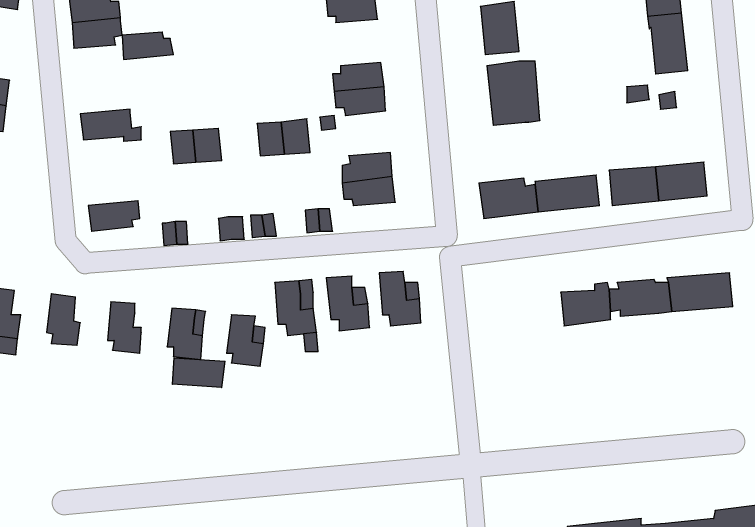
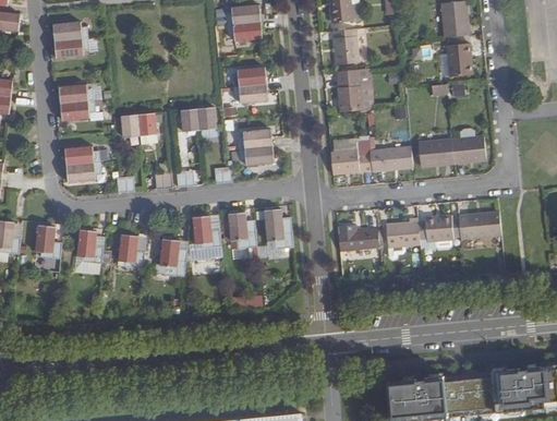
building: [122,32,173,59] -> [59,85,94,104]
building: none -> [64,147,99,166]
building: none -> [338,225,378,251]
building: [172,358,225,388] -> none

